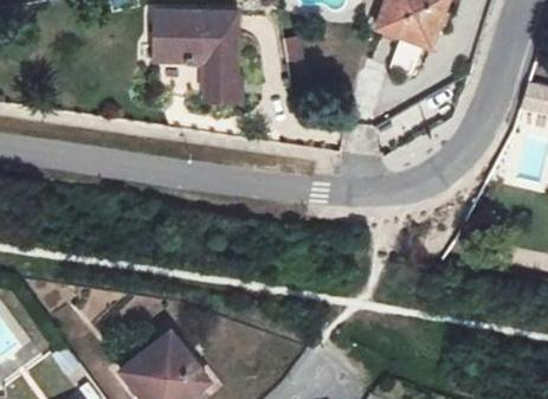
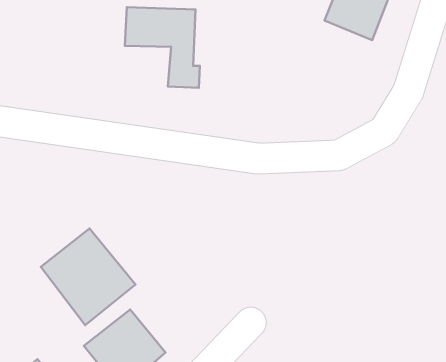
building: none -> [41,229,136,325]

